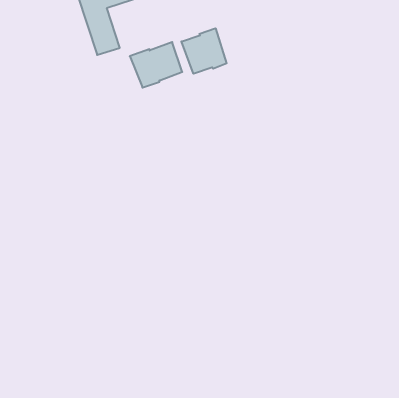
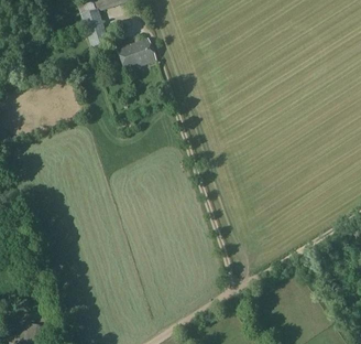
building: [181,28,227,74] -> none

